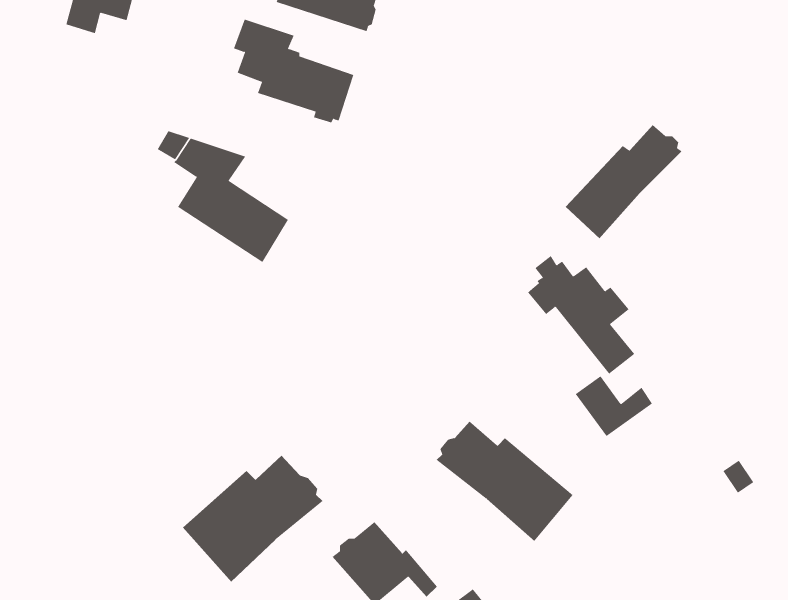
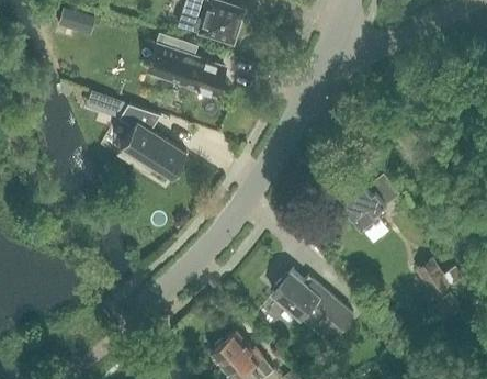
building: [565,124,682,239] -> none
building: [575,376,653,437] -> [416,261,462,298]
building: [182,455,324,583] -> none

